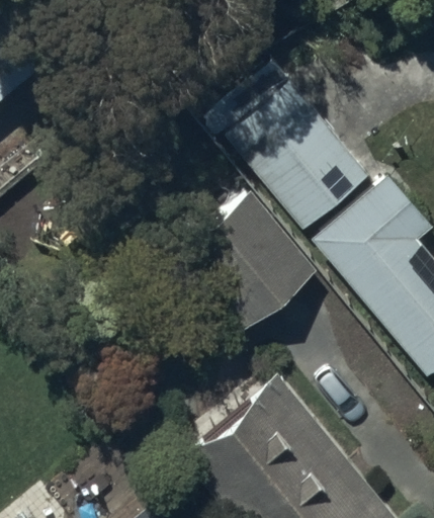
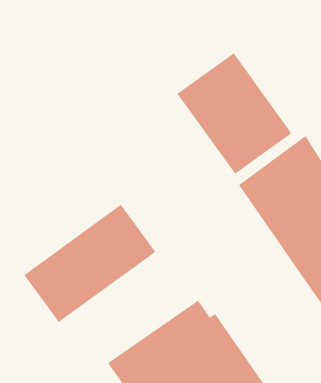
building: [172,193,319,339] -> none
building: none -> [24,204,156,323]

